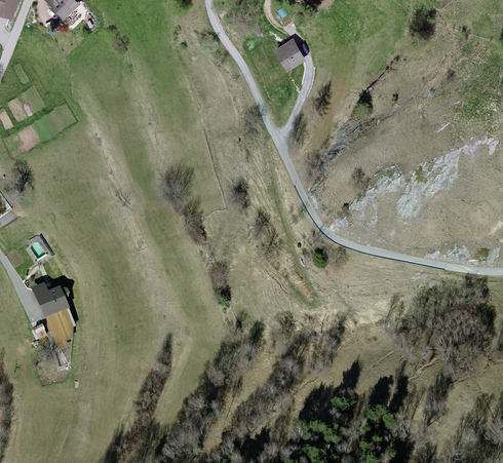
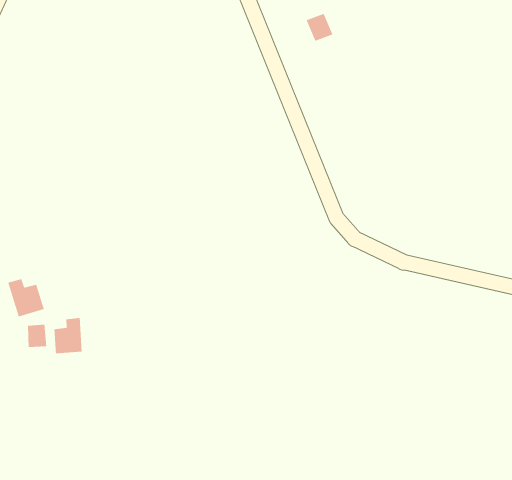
building: none -> [54,317,83,354]

